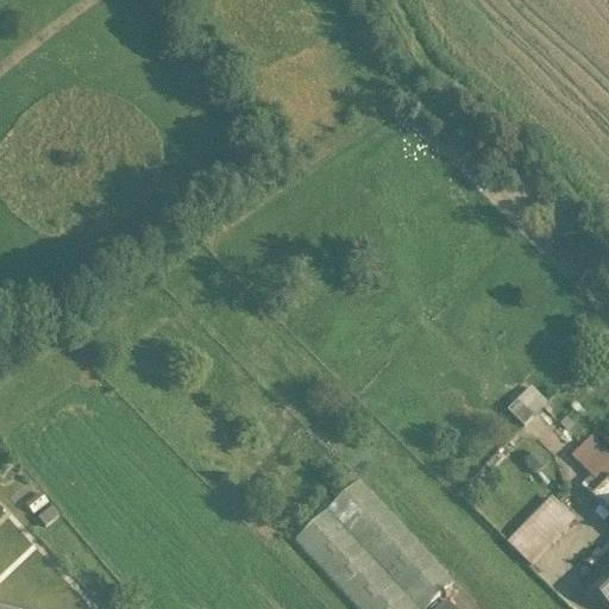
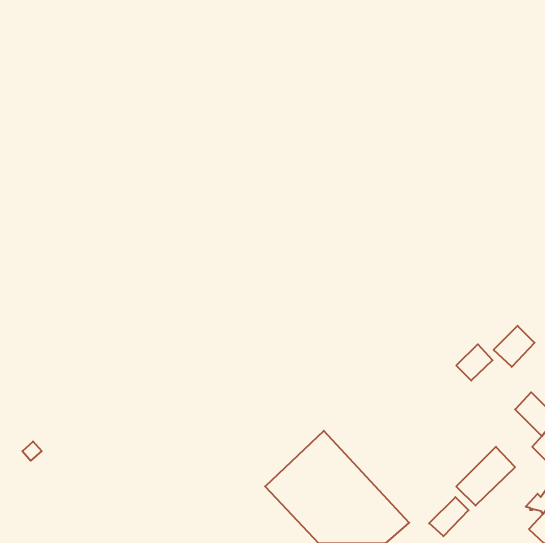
building: none -> [494,326,535,367]
building: none -> [429,497,469,536]

